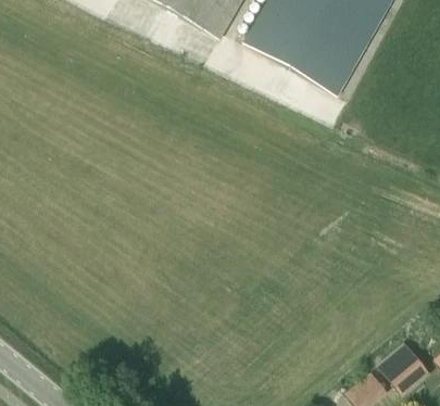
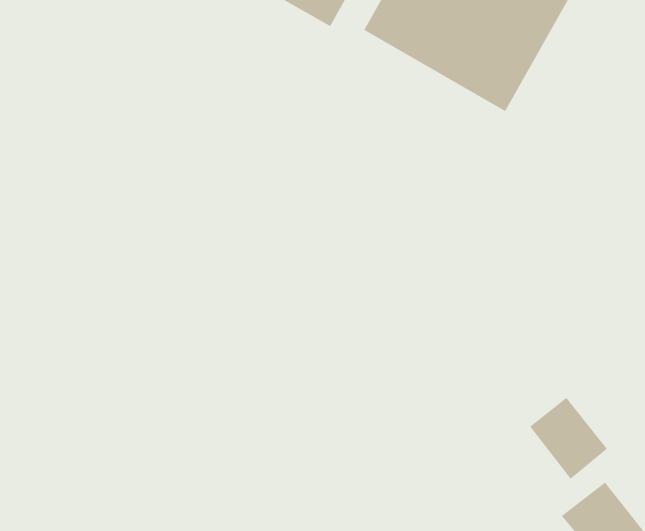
building: none -> [529,397,608,480]

